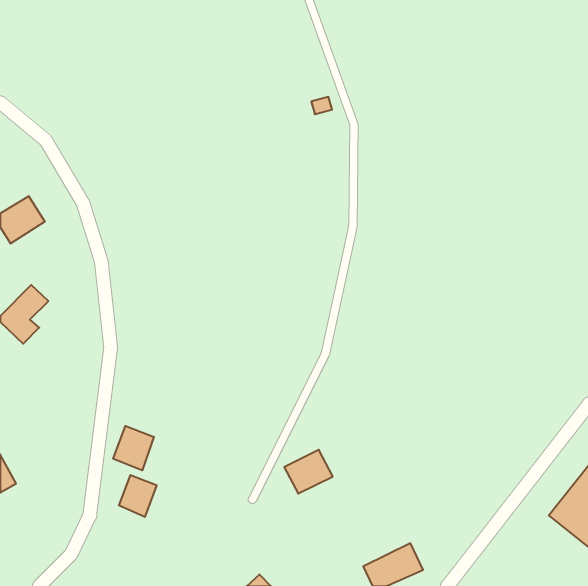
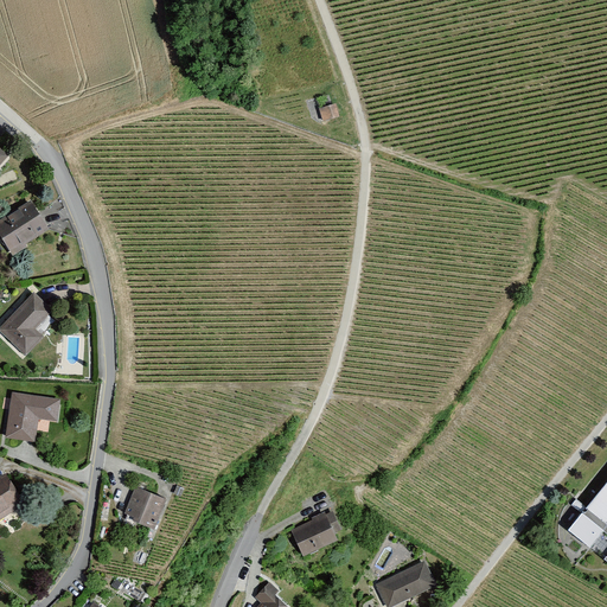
building: none -> [6,394,58,440]
building: [113,426,154,470] -> none
building: [284,450,333,494] -> [288,513,338,558]

